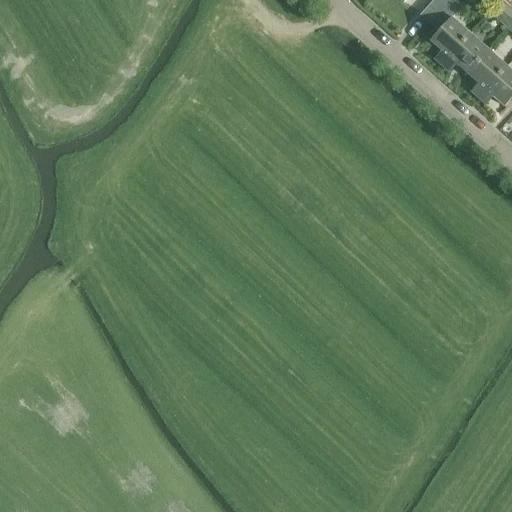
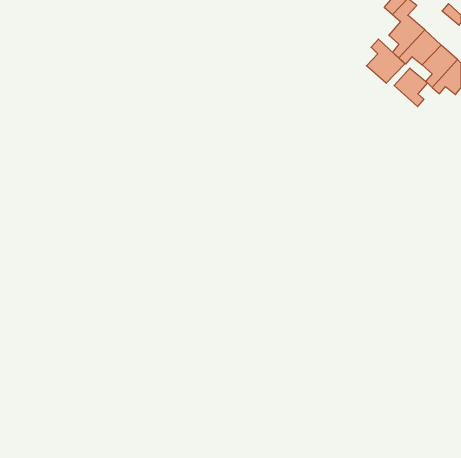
building: none -> [366,39,405,83]
building: none -> [394,68,428,107]

